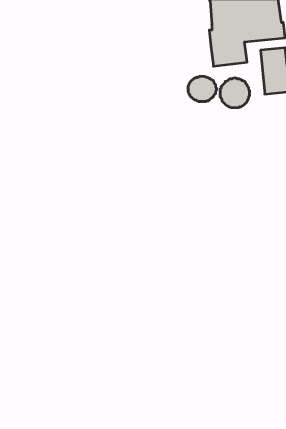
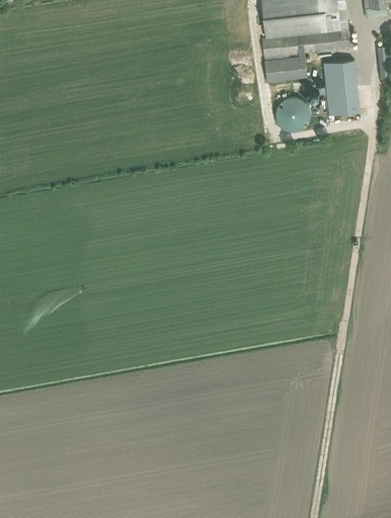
building: [188,76,216,102] -> none

